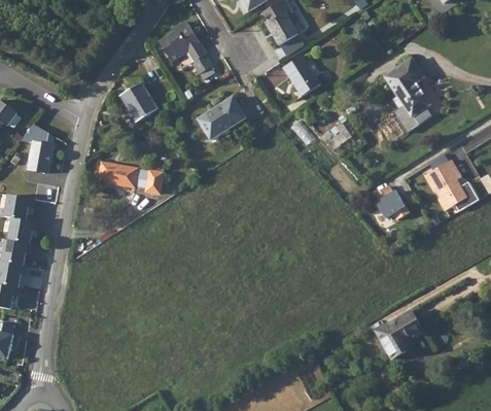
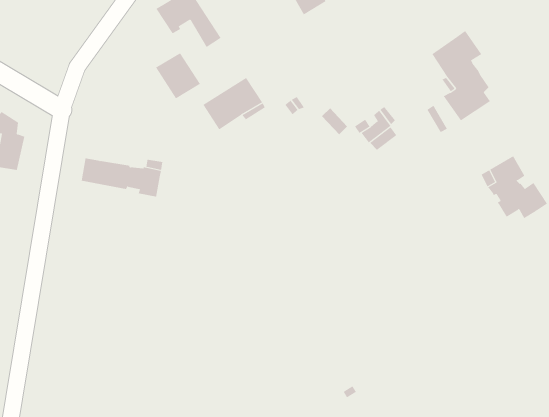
building: [284,56,320,96] -> none
building: [121,82,159,121] -> [155,52,201,99]
building: [375,187,409,218] -> none
building: [376,309,424,358] -> none

